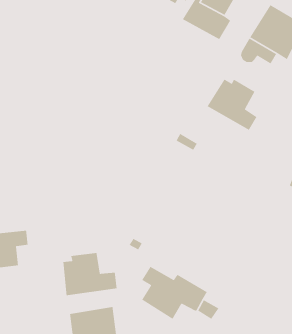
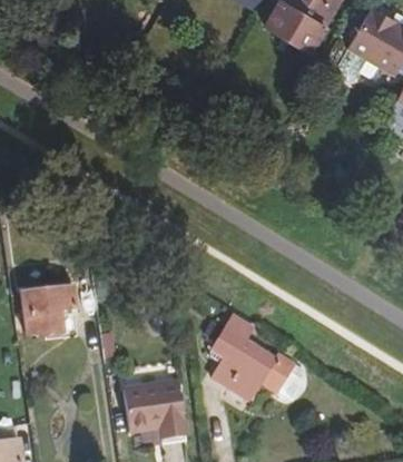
building: [206,78,258,131] -> none
building: [62,252,118,296] -> none

